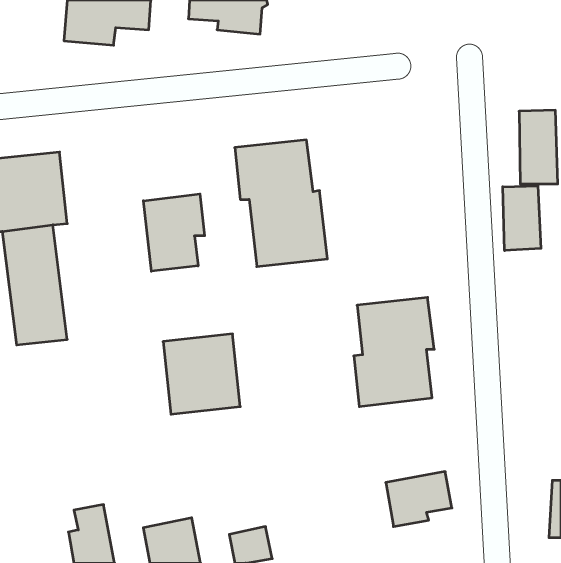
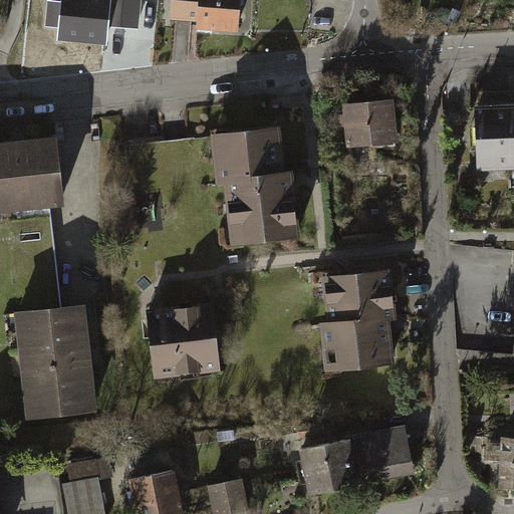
building: none -> [344,99,398,146]
building: [503,186,541,251] -> none
building: [143,194,205,271] -> none
building: none -> [15,306,96,418]
building: none -> [300,440,359,495]

